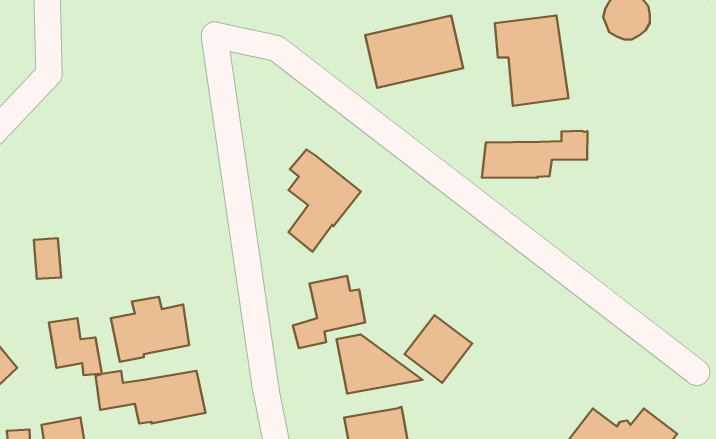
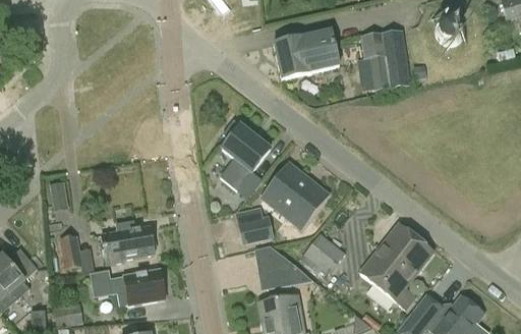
building: [482,131,588,178] -> none
building: none -> [262,163,328,228]
building: none -> [359,223,433,308]

